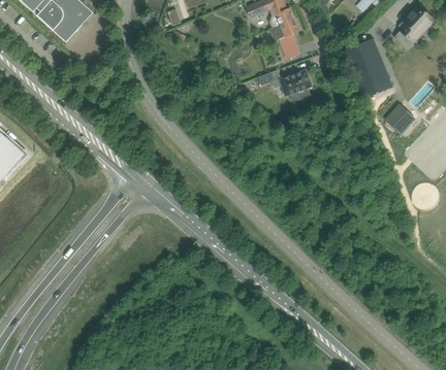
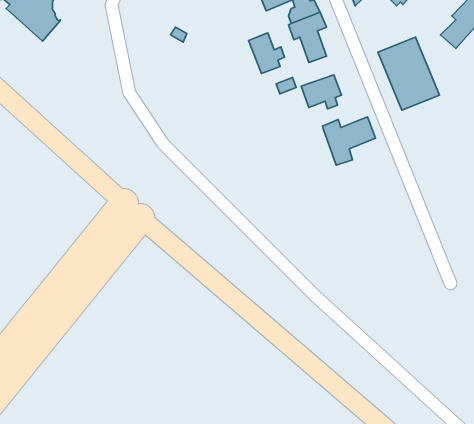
building: none -> [248,33,285,73]
building: [383,103,415,134] -> none
building: none -> [322,117,376,165]

